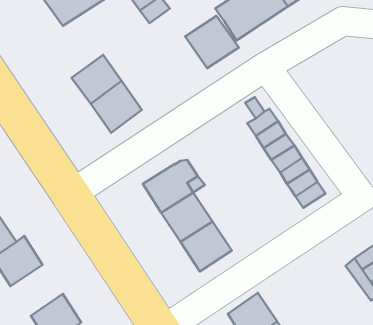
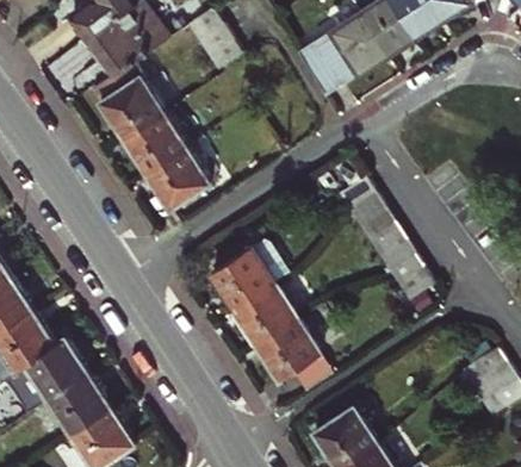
building: [185,16,239,68] -> none
building: none -> [95,75,160,141]
building: none -> [45,372,110,435]

